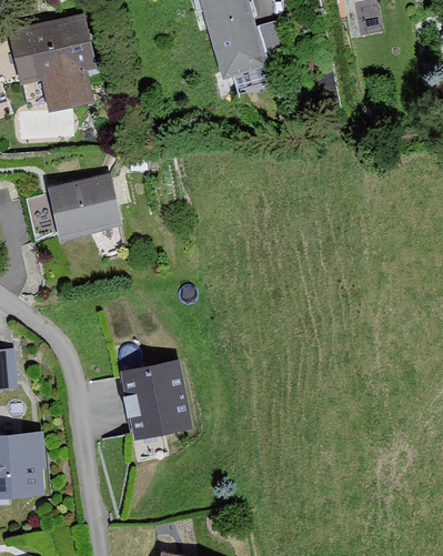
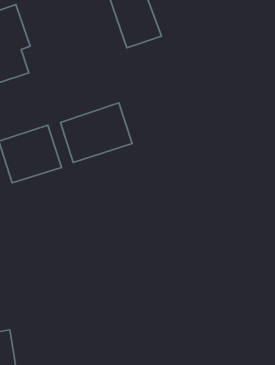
building: none -> [61,103,132,162]
building: [118,362,192,442] -> none

